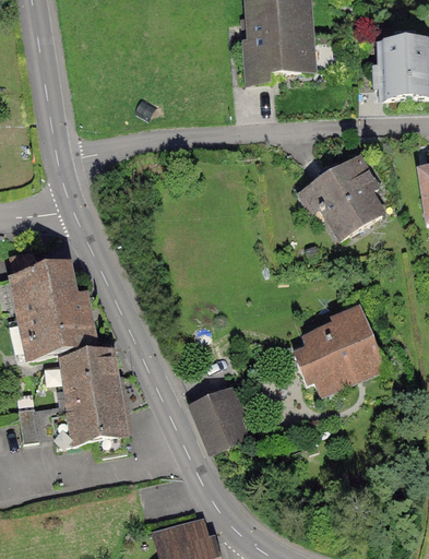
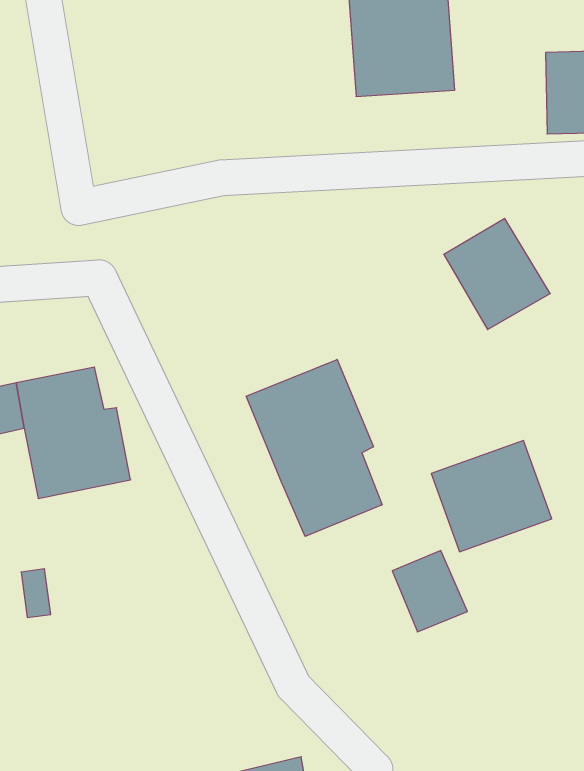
building: none -> [246,359,382,536]
building: [49,346,124,451] -> none
building: [190,389,242,445] -> [392,551,467,632]

